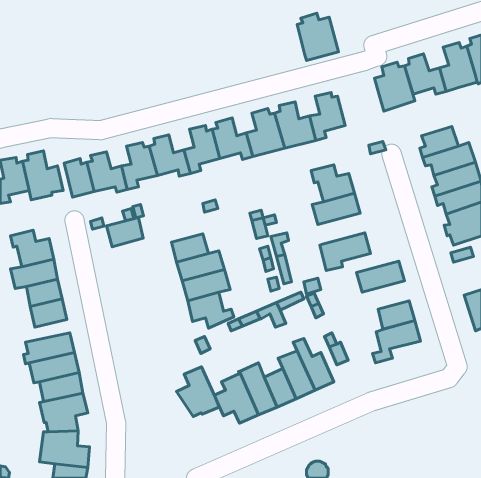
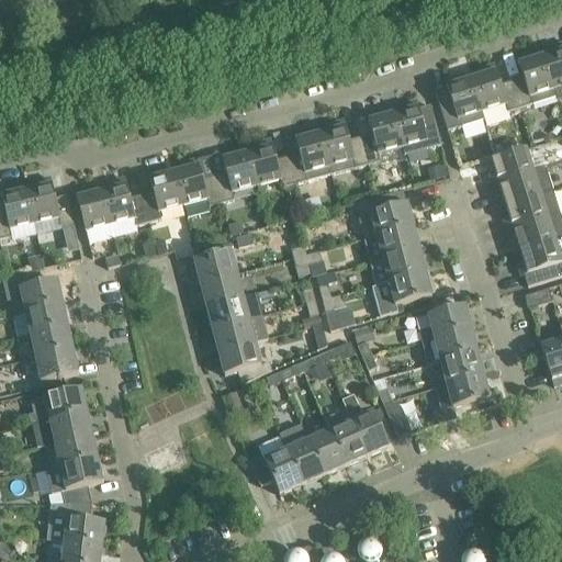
building: [297,13,339,60] -> [394,99,442,154]
building: none -> [371,248,426,284]
building: [106,218,143,247] -> [194,248,237,282]
building: none -> [423,327,477,363]
building: [177,367,219,416] -> none

